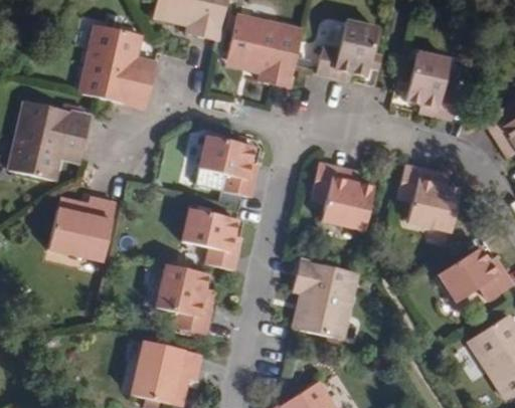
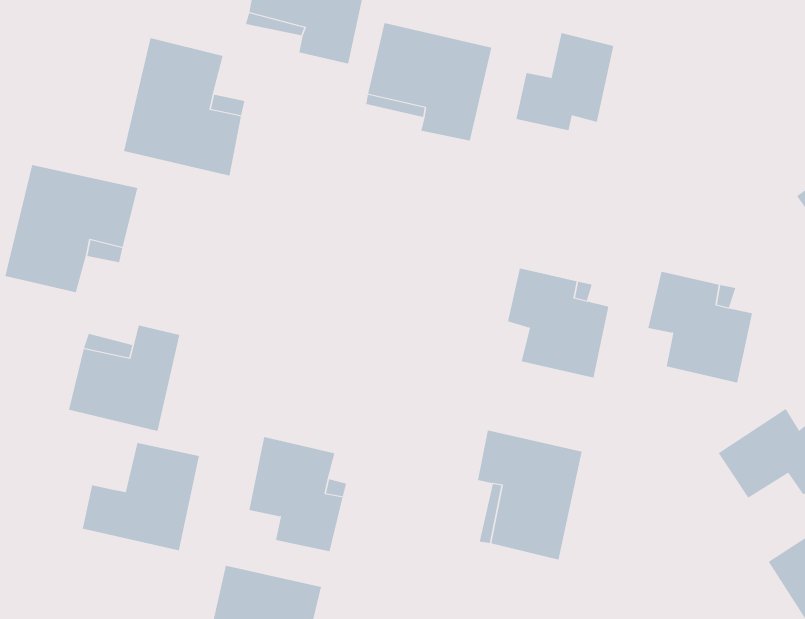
building: [405,54,458,119] -> none
building: [199,137,256,196] -> none
building: [181,210,238,270] -> none
building: none -> [82,442,200,551]

